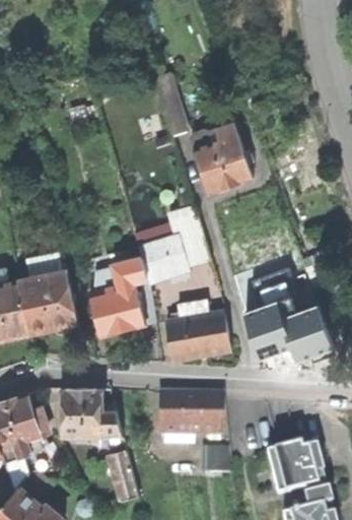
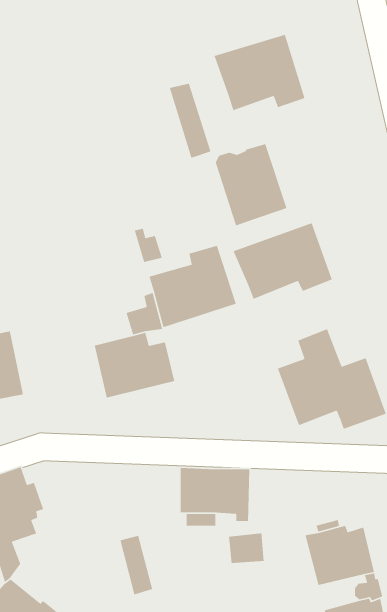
building: none -> [213,34,305,111]
building: none -> [233,222,333,300]
building: [18,261,76,334] -> none
building: [165,302,229,360] -> none
building: [45,387,122,438] -> none

